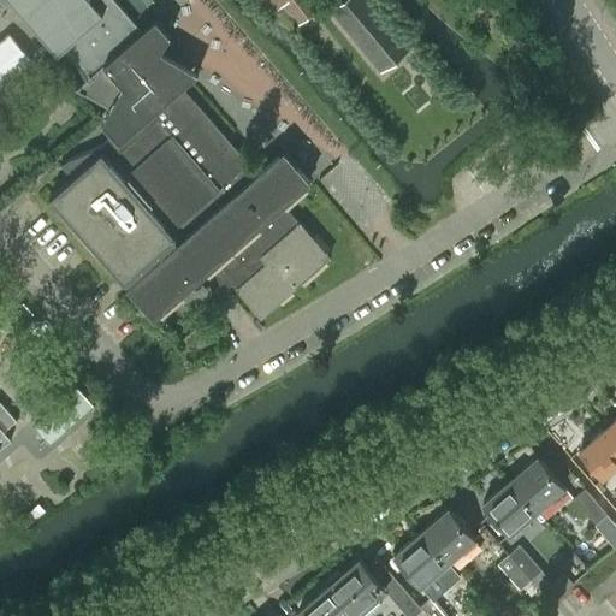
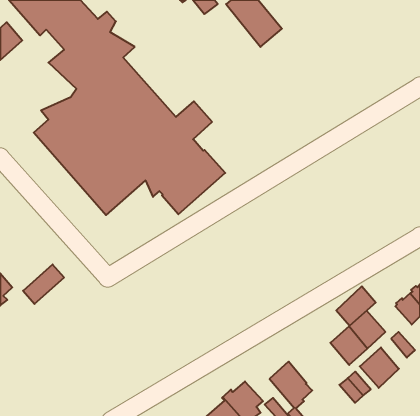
building: none -> [336,286,376,326]
building: [422,513,475,567] -> none
building: none -> [360,347,399,388]

